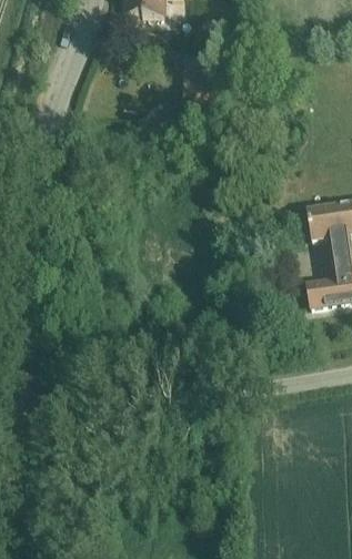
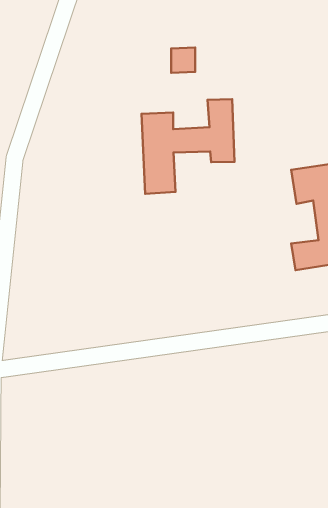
building: none -> [142,99,235,194]

